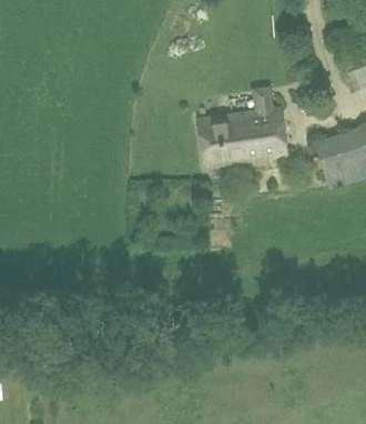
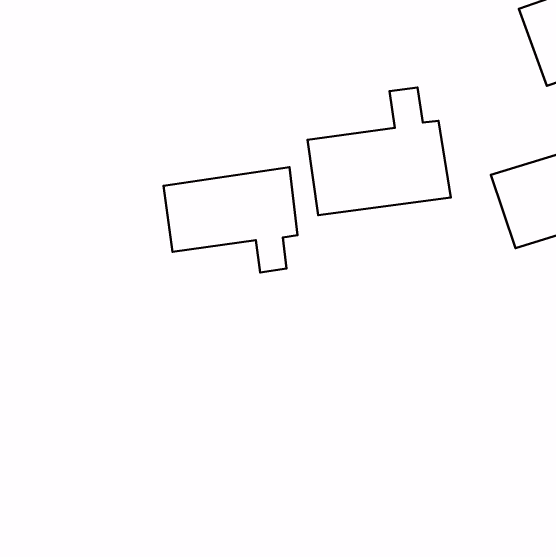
building: none -> [163,167,298,272]

